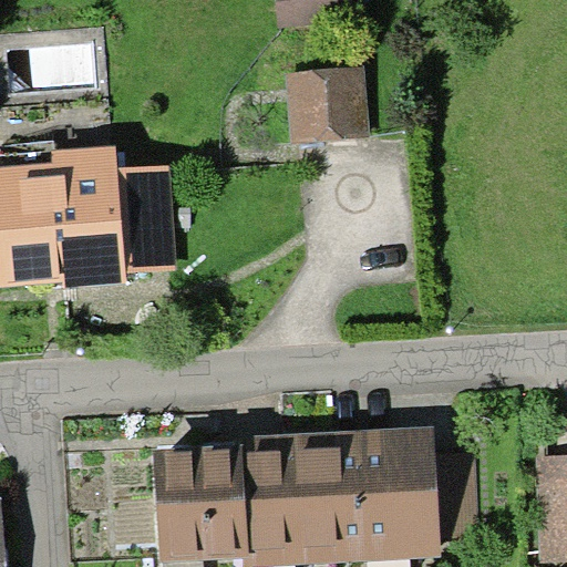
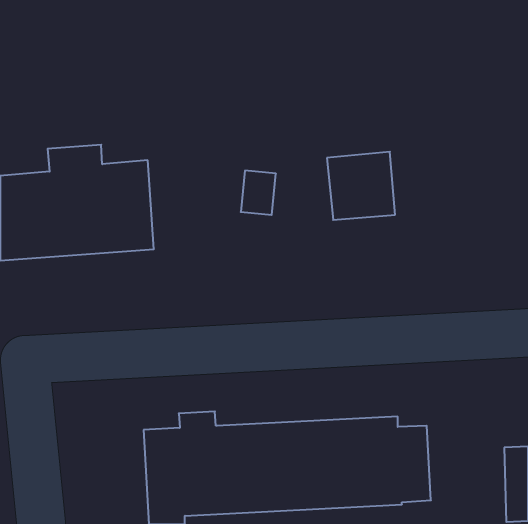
building: [286,70,359,143] -> [327,152,395,220]

